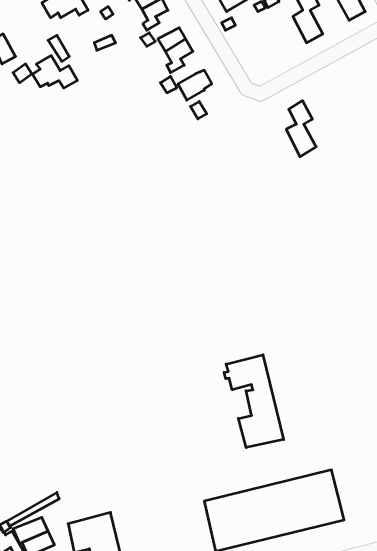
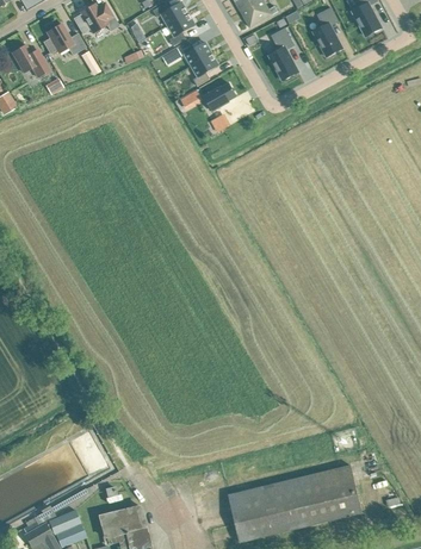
building: [33,56,77,88] -> [43,23,86,54]
building: [286,101,316,157] -> [270,26,298,80]
building: [224,355,284,448] -> none

